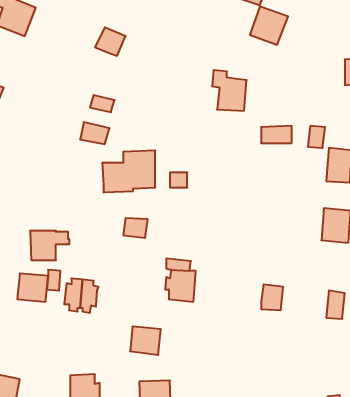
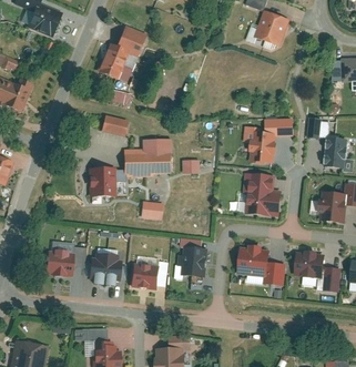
building: none -> [98,43,129,79]
building: [212,70,247,111] -> [244,125,275,162]
building: none -> [243,172,283,216]
building: [30,231,69,260] -> [89,170,124,196]
building: none -> [236,245,268,276]
building: none -> [293,252,325,276]
building: [130,327,161,355] -> [131,264,159,289]

